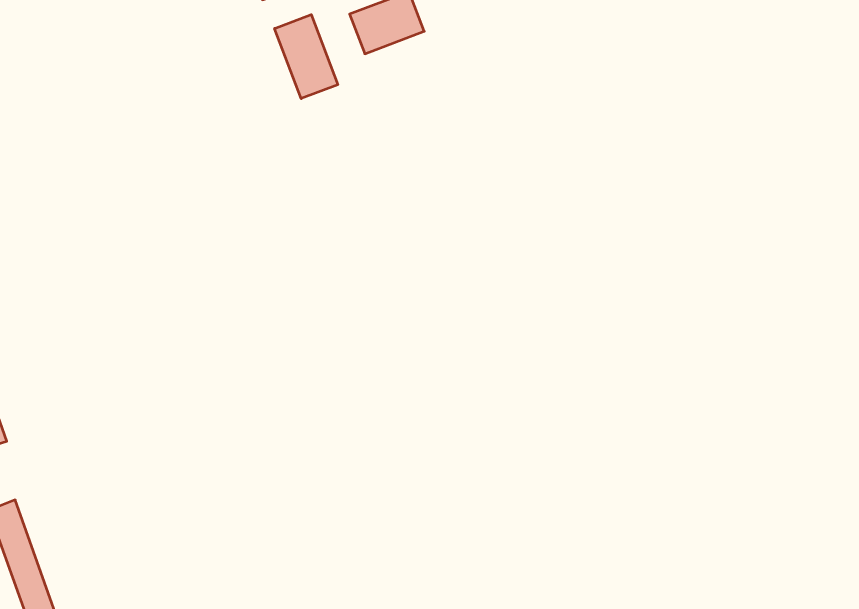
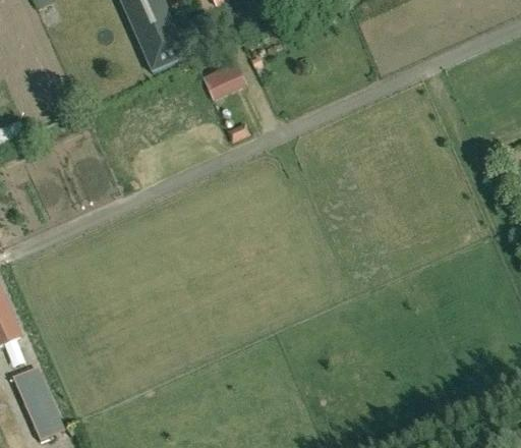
building: [275,15,338,99] -> none

